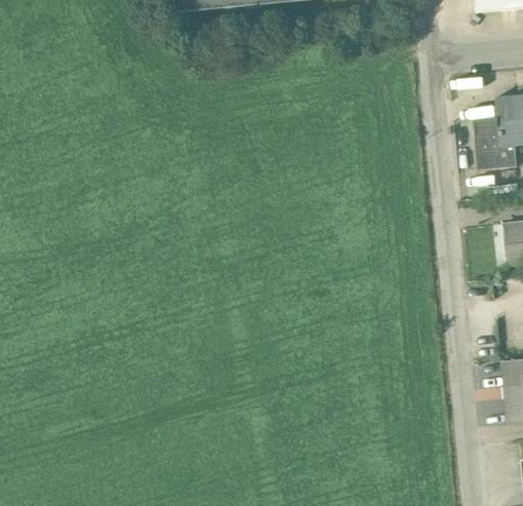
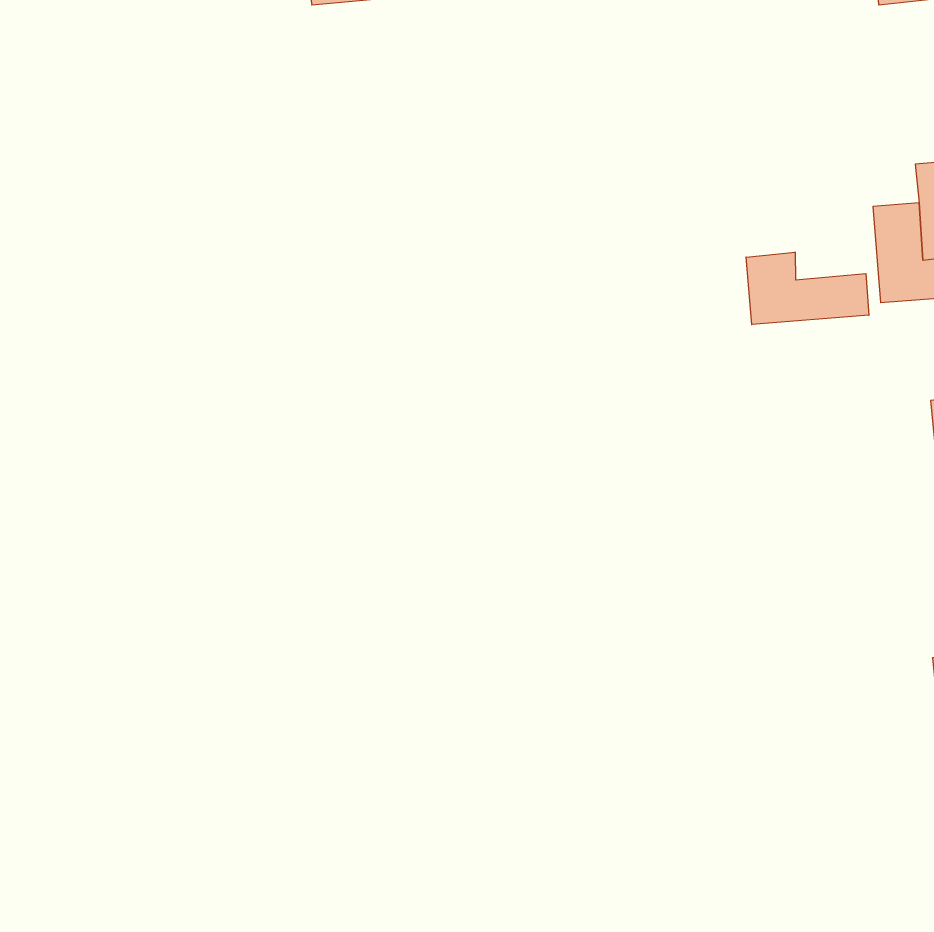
building: none -> [746,252,869,325]

